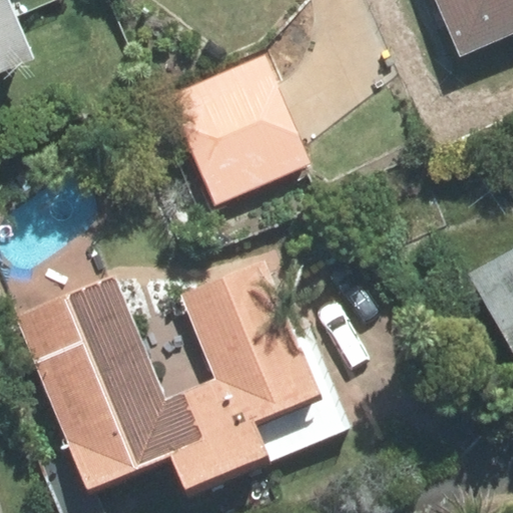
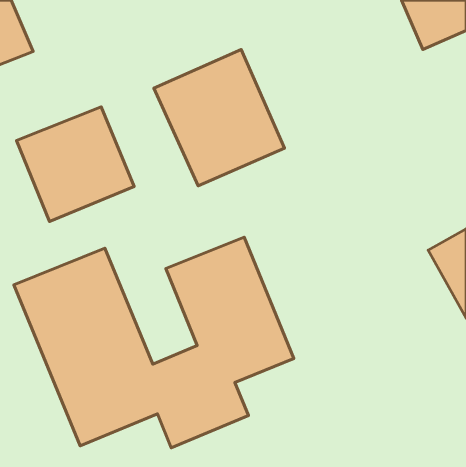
building: none -> [16,107,134,221]

